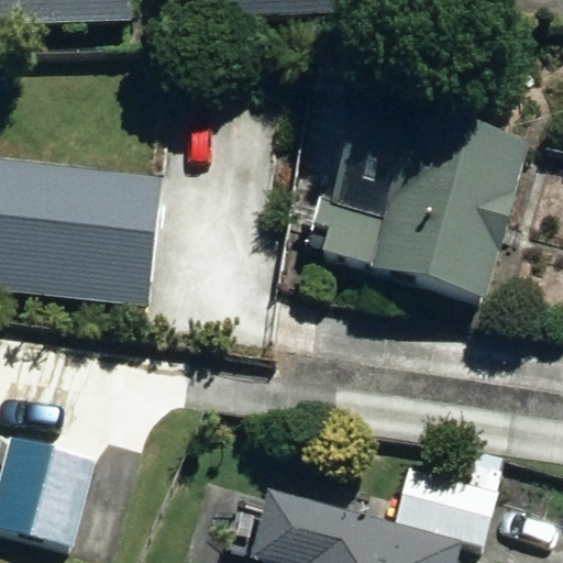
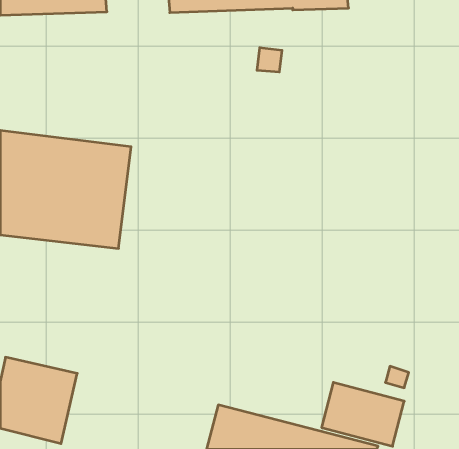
building: [345,99,528,301] -> none

